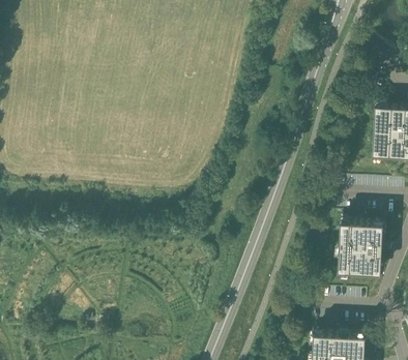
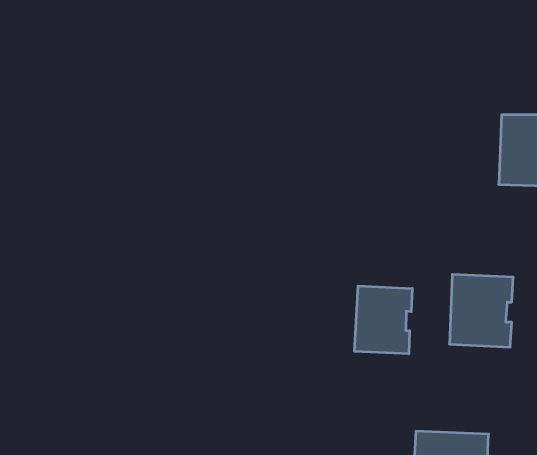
building: none -> [355,286,412,354]

